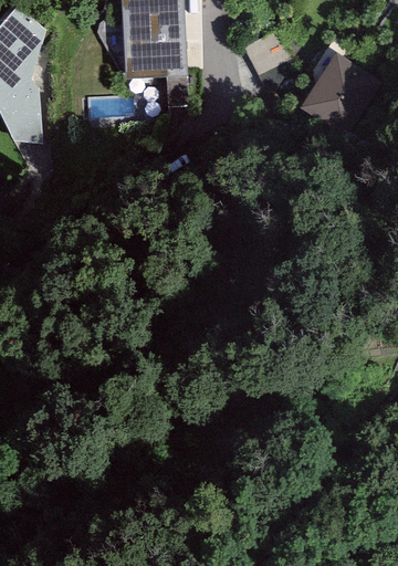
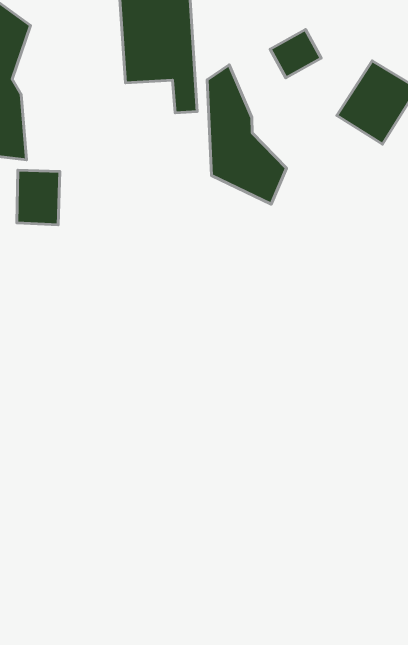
building: none -> [207,65,286,204]
building: none -> [17,170,60,225]

